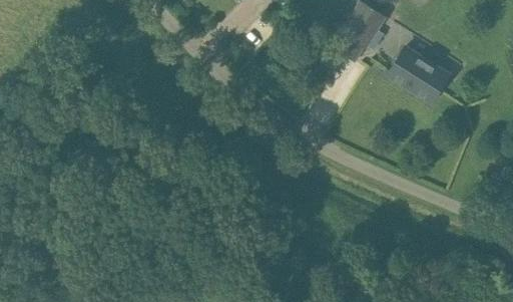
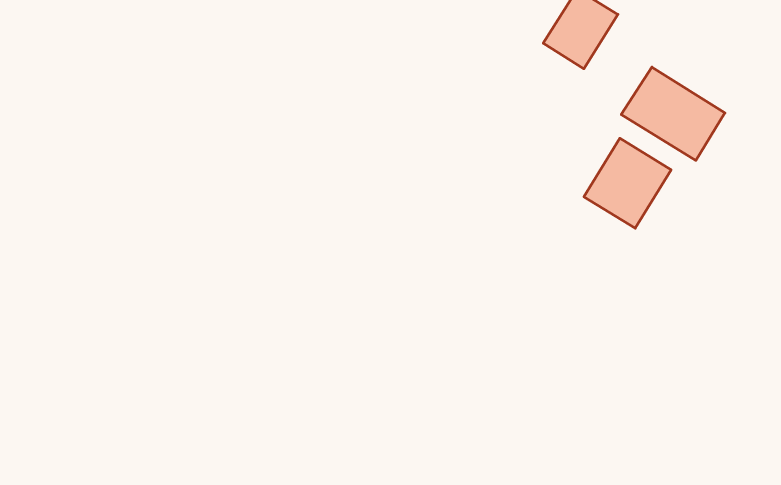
building: none -> [584,138,671,228]

